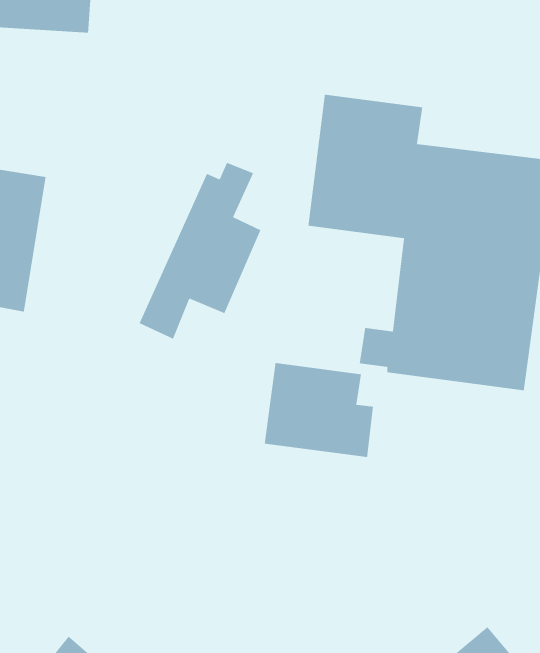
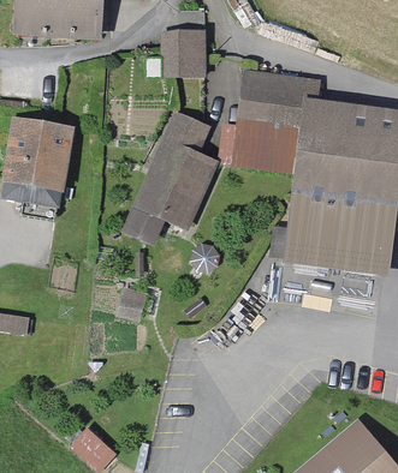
building: none -> [166,31,206,74]
building: [264,362,374,458] -> none

